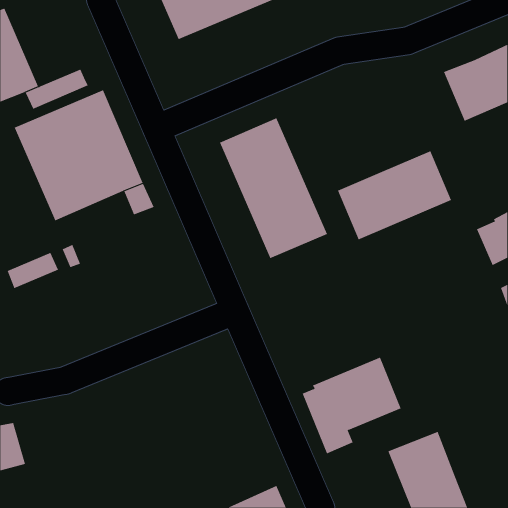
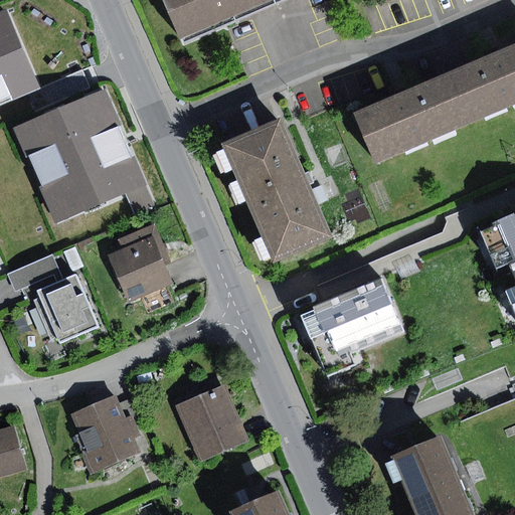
building: [337,151,452,240] -> [353,72,469,163]
building: none -> [108,223,173,312]
building: none -> [37,275,97,342]
building: [302,357,401,454] -> [302,278,402,376]
building: none -> [175,384,249,462]
building: none -> [69,395,140,474]

